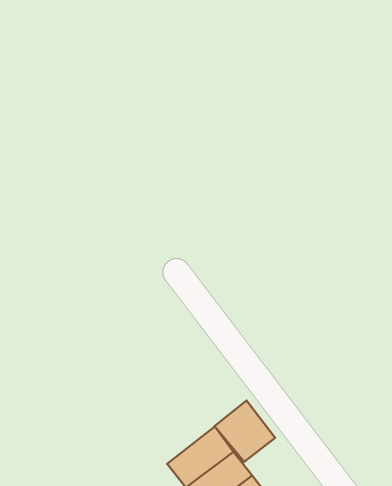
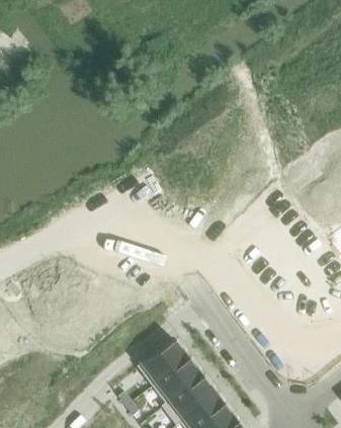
building: [215,401,275,462] -> none

